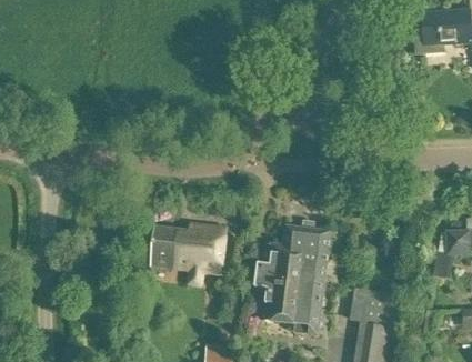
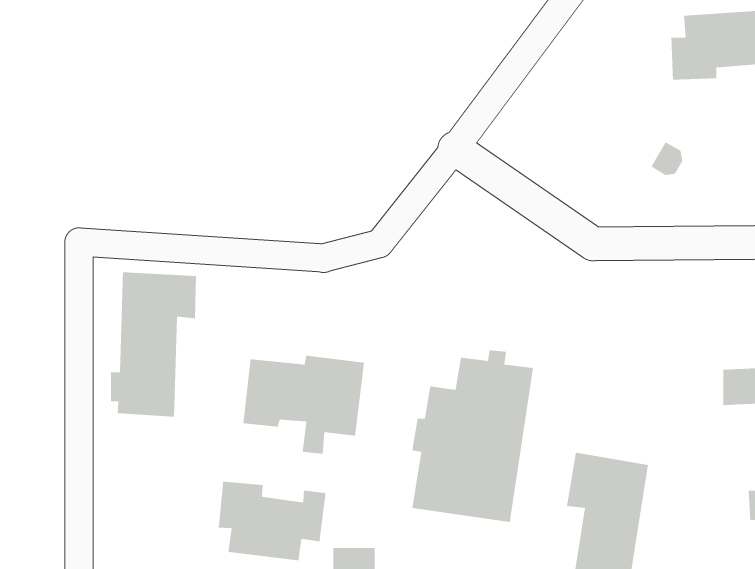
building: none -> [110,272,196,418]
building: none -> [218,481,326,561]

